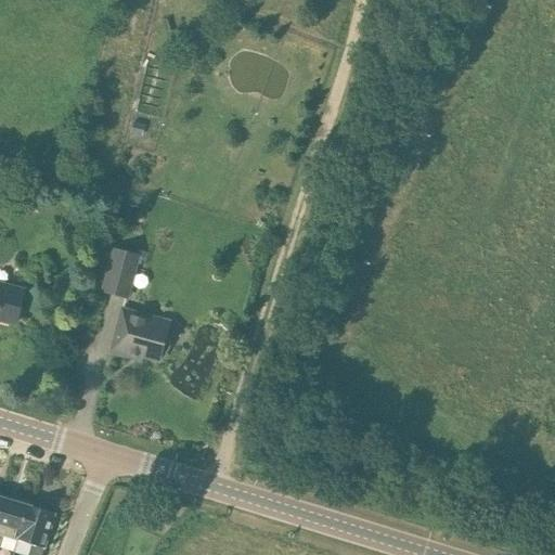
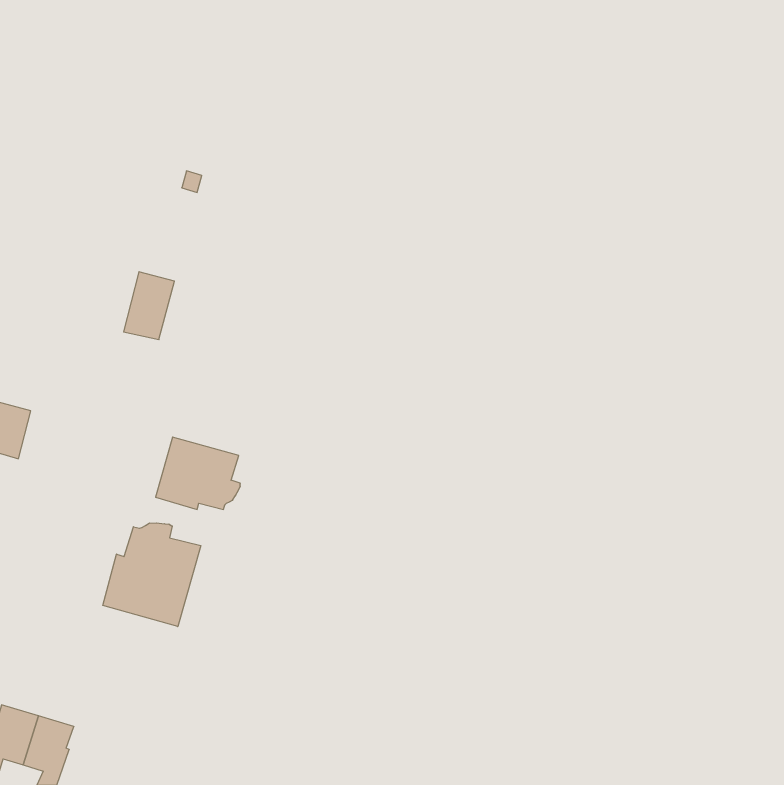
building: [101,249,137,297] -> [124,272,174,340]
building: none -> [103,523,201,627]

